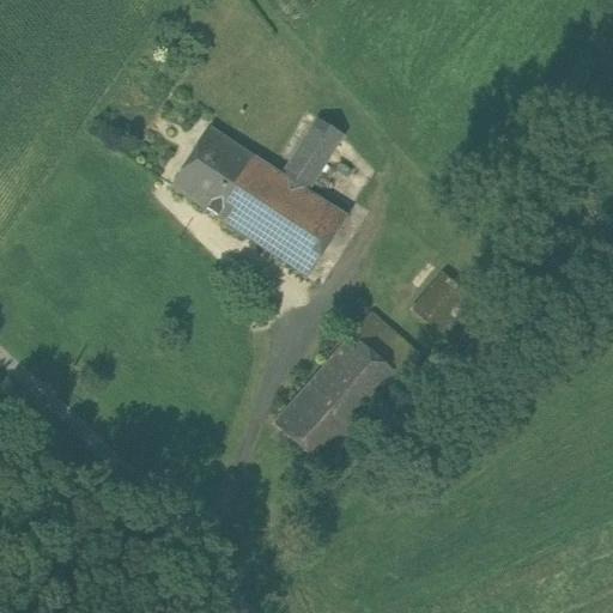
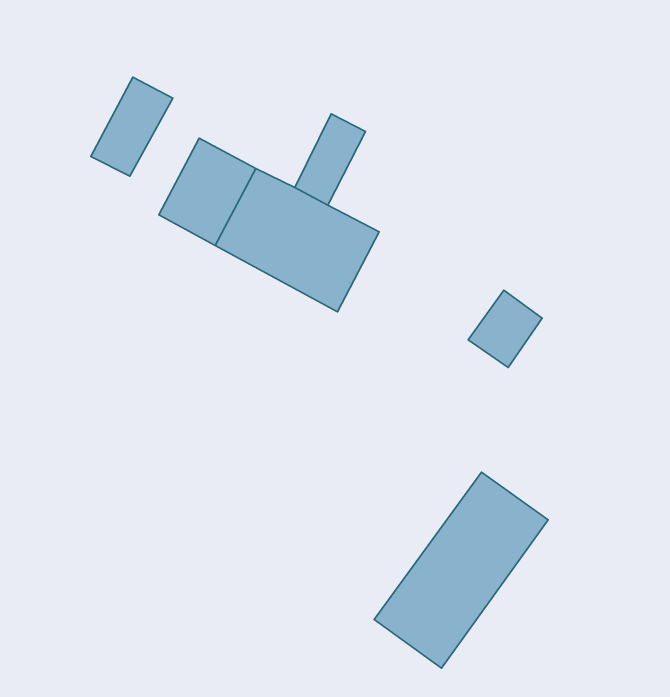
building: none -> [91,77,173,176]
building: [273,311,420,466] -> [374,472,548,668]

